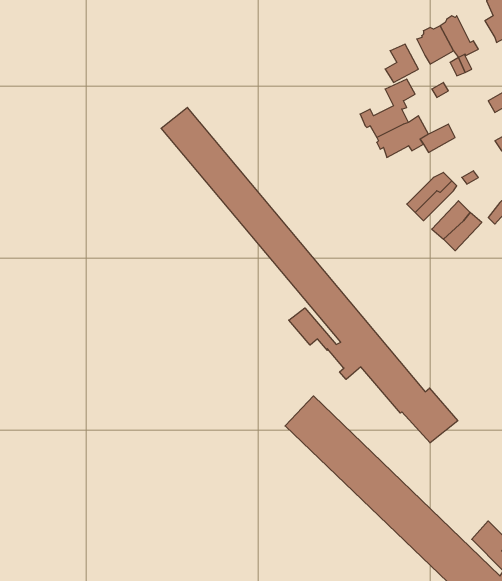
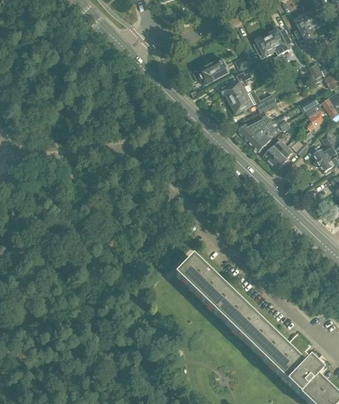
building: none -> [195,56,227,83]
building: [161,107,458,443] -> none
building: none -> [239,113,273,140]

